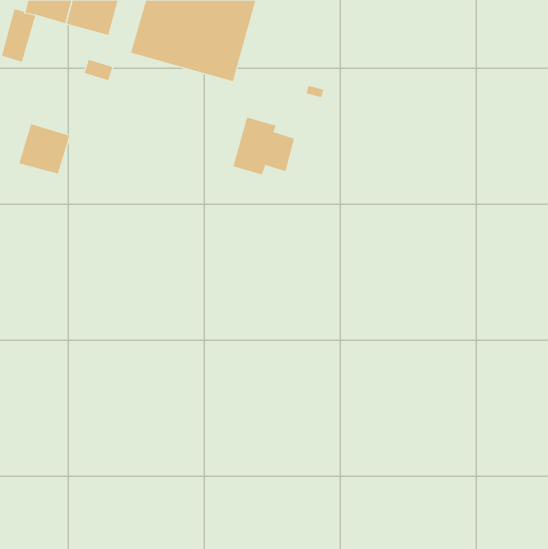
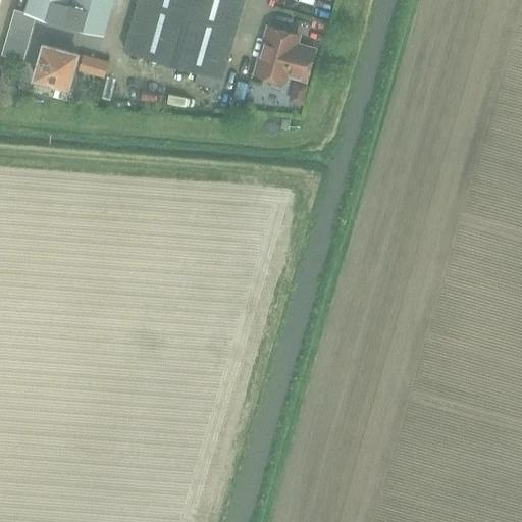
building: [232,117,295,175] -> [255,28,314,83]
building: [19,124,70,174] -> [31,43,80,91]

